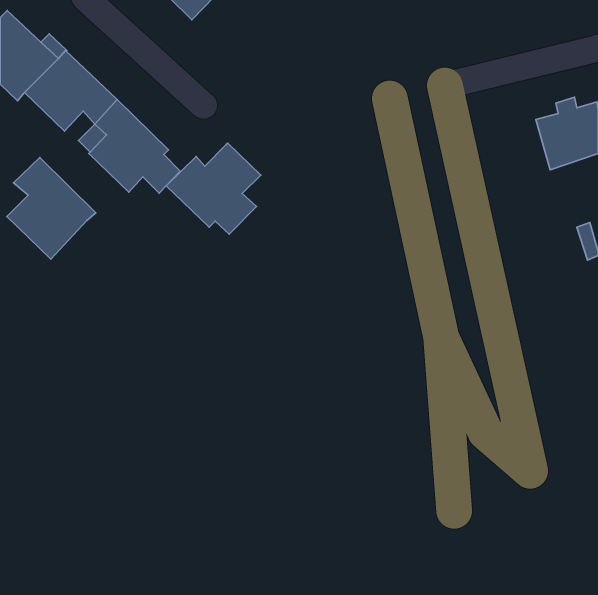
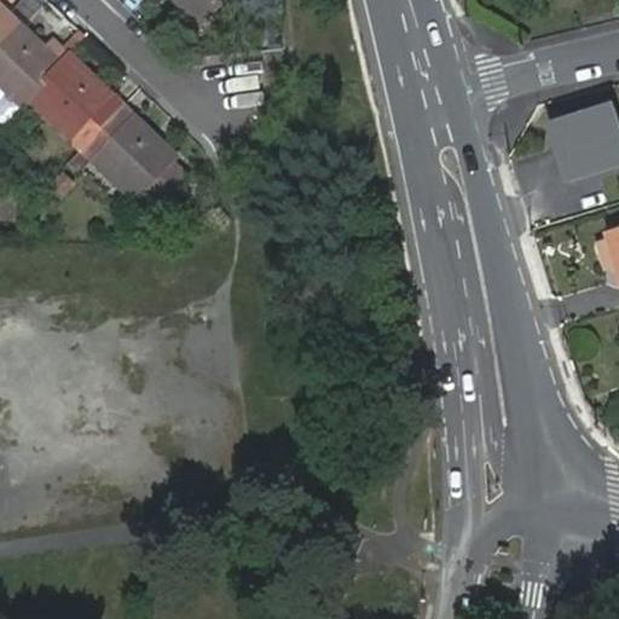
building: [166,143,261,234] -> none
building: [7,158,96,259] -> none

